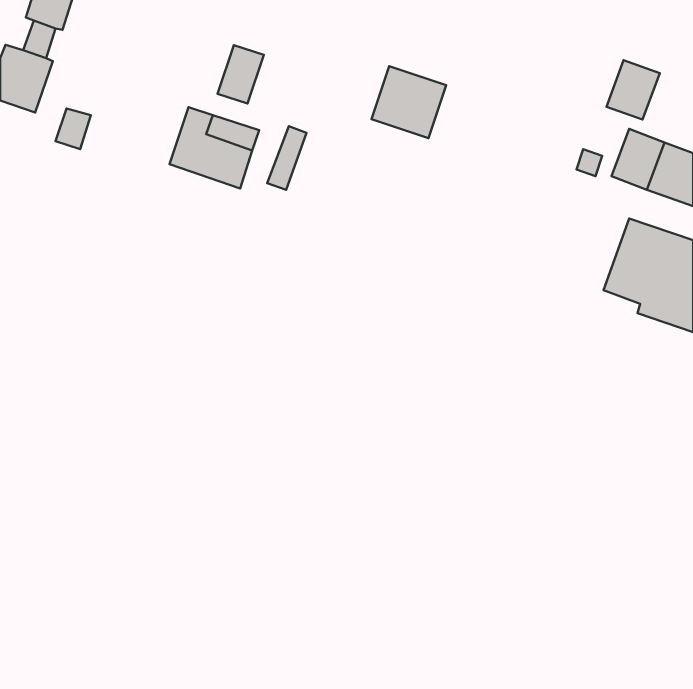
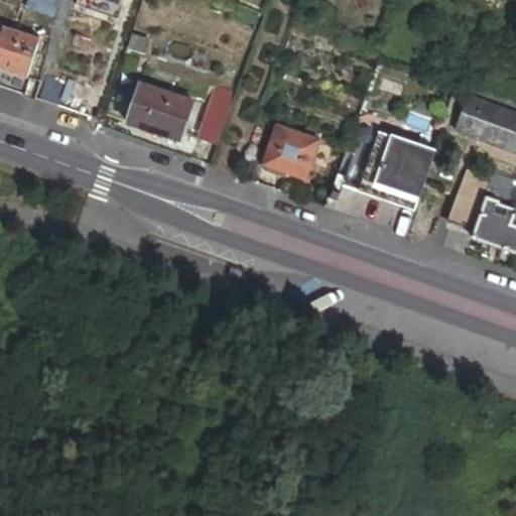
building: [218,45,264,103] -> none
building: [606,60,660,120] -> none
building: [371,66,446,138] -> [262,122,317,175]
building: none -> [341,124,435,206]

